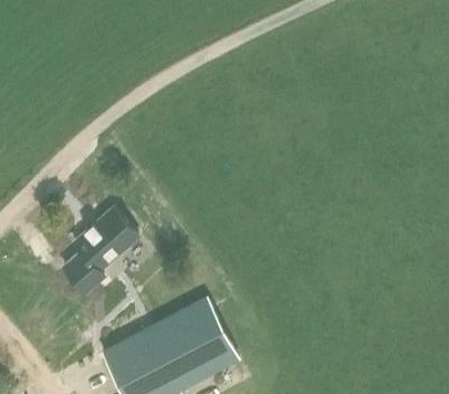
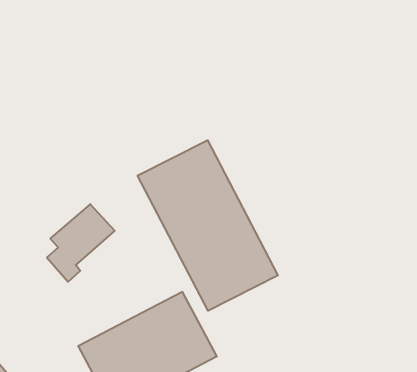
building: none -> [138,140,278,311]

